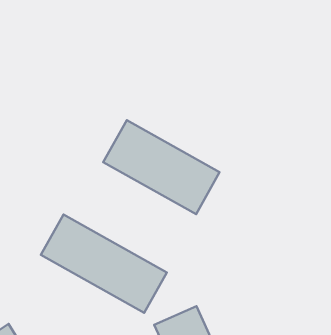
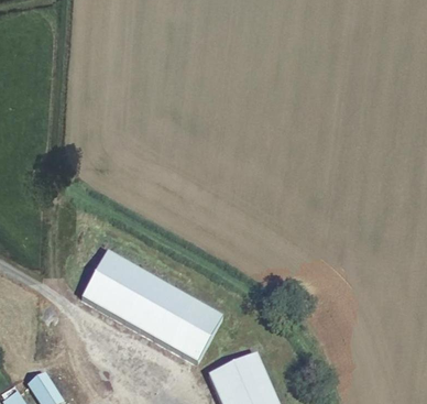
building: [103,120,220,214] -> none

